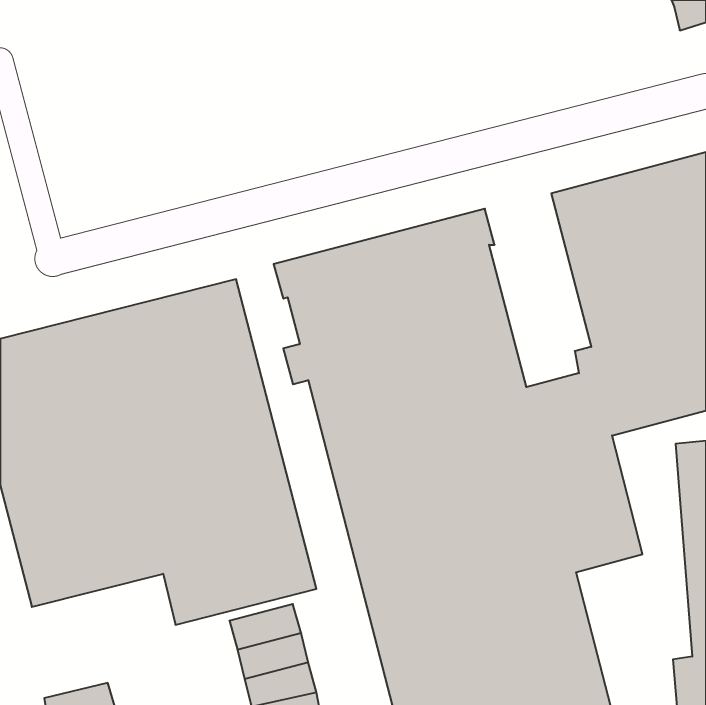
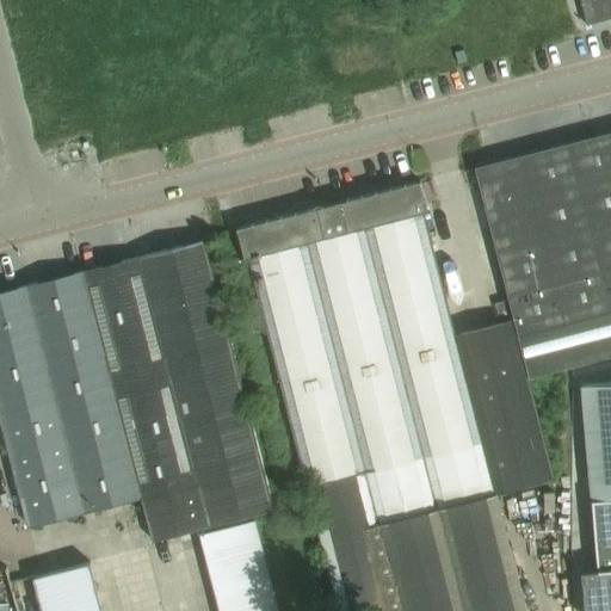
building: none -> [32,566,93,604]

